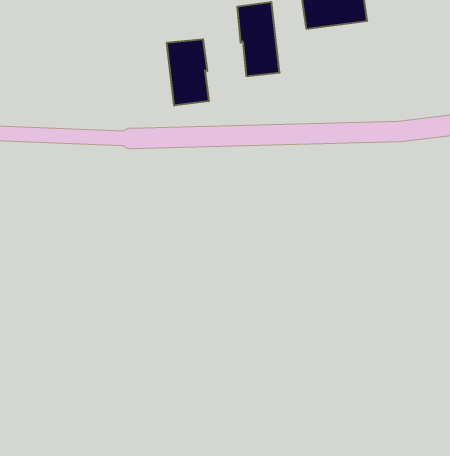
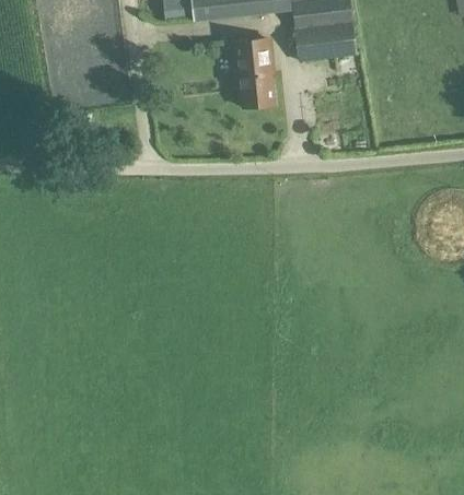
building: [167,39,209,106] -> none

